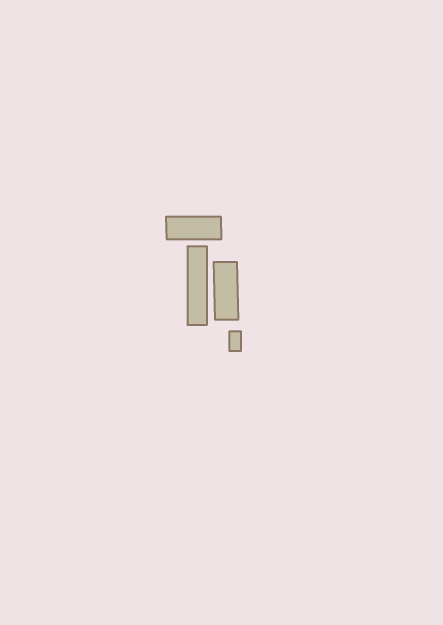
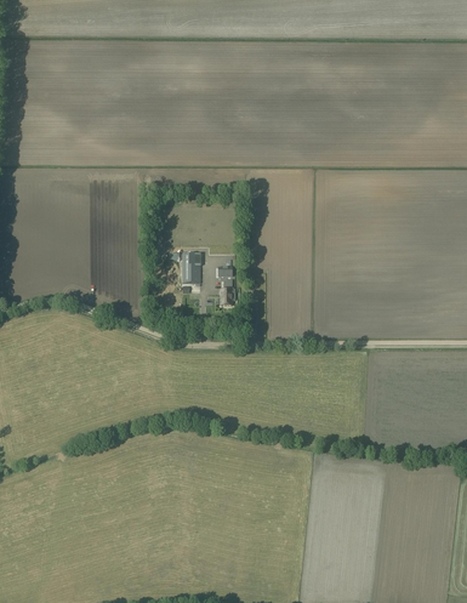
building: [166,217,221,239] -> none

